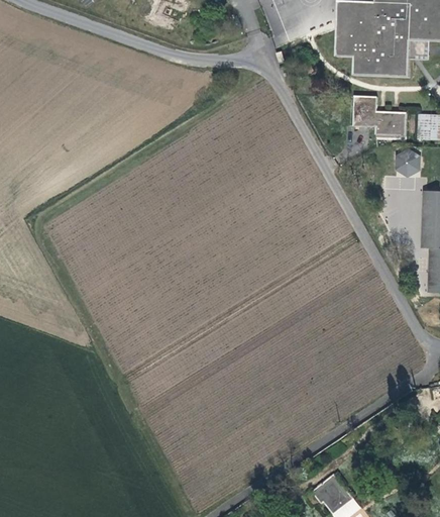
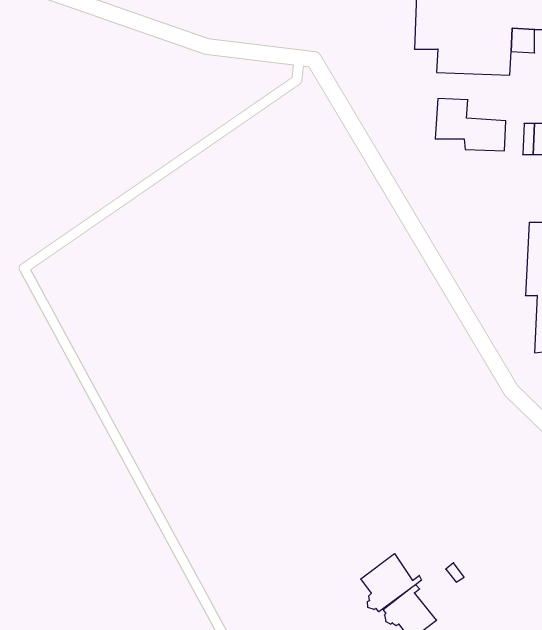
building: [397,148,420,176] -> none
building: none -> [361,554,422,612]

